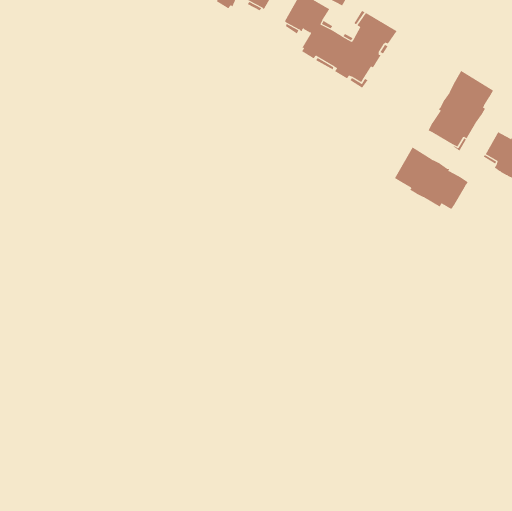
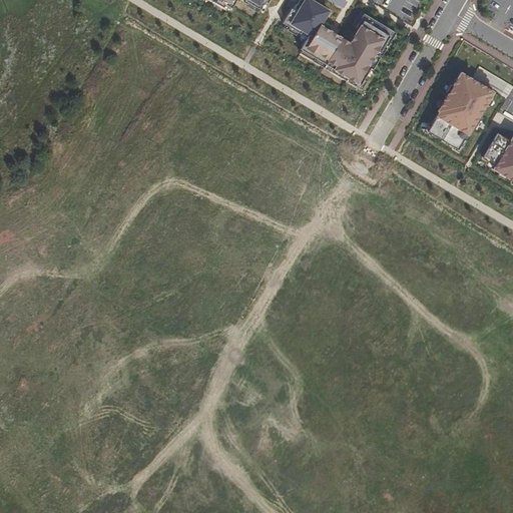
building: [394,147,469,210] -> none

